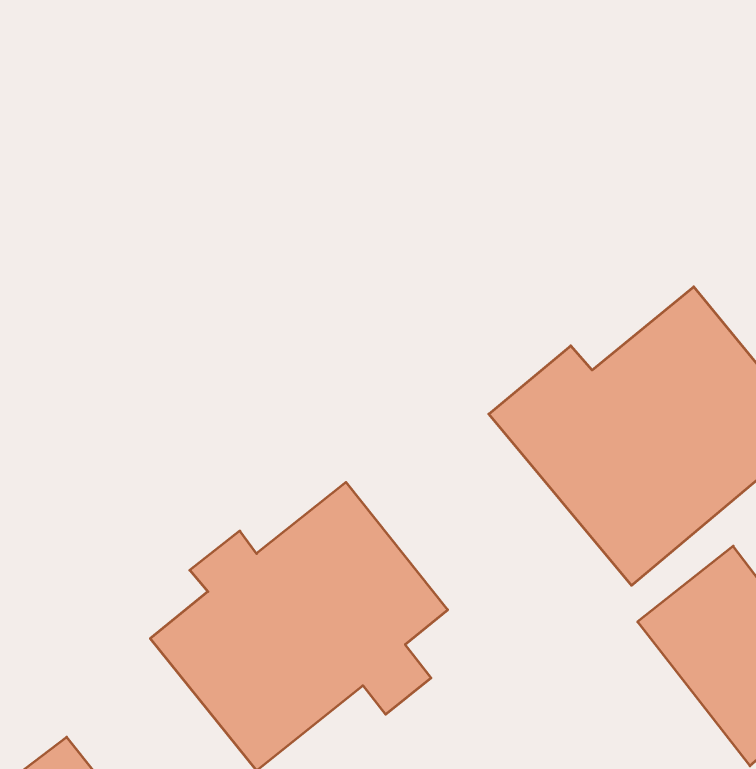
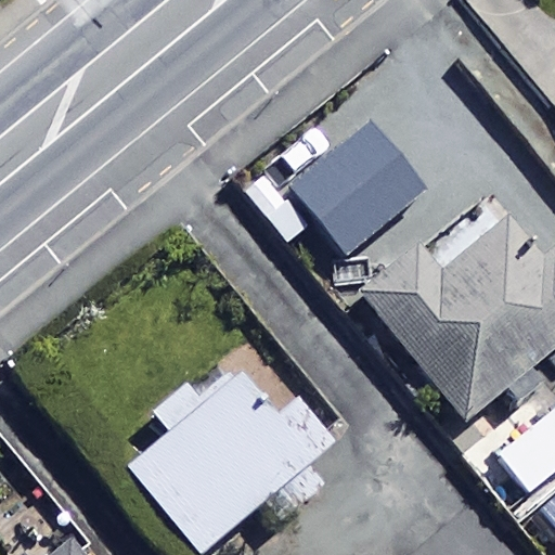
building: none -> [302,122,442,259]

